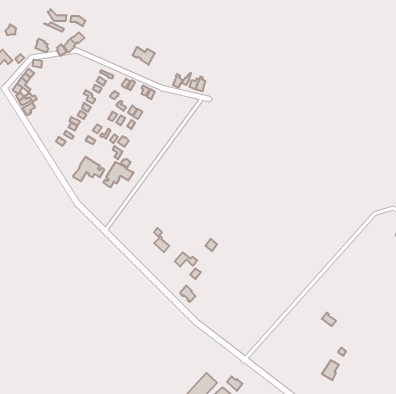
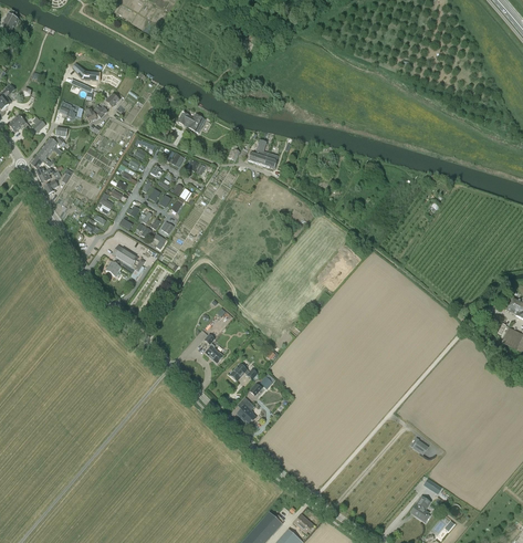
building: [103,162,134,187] -> none

